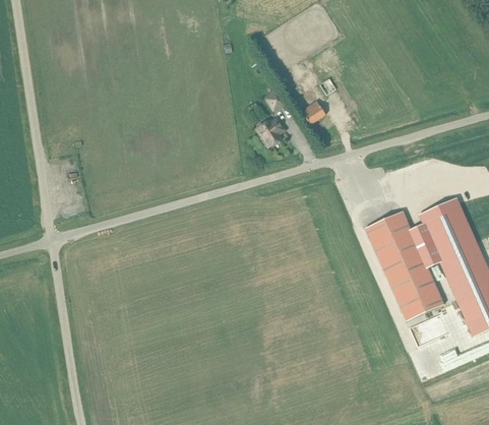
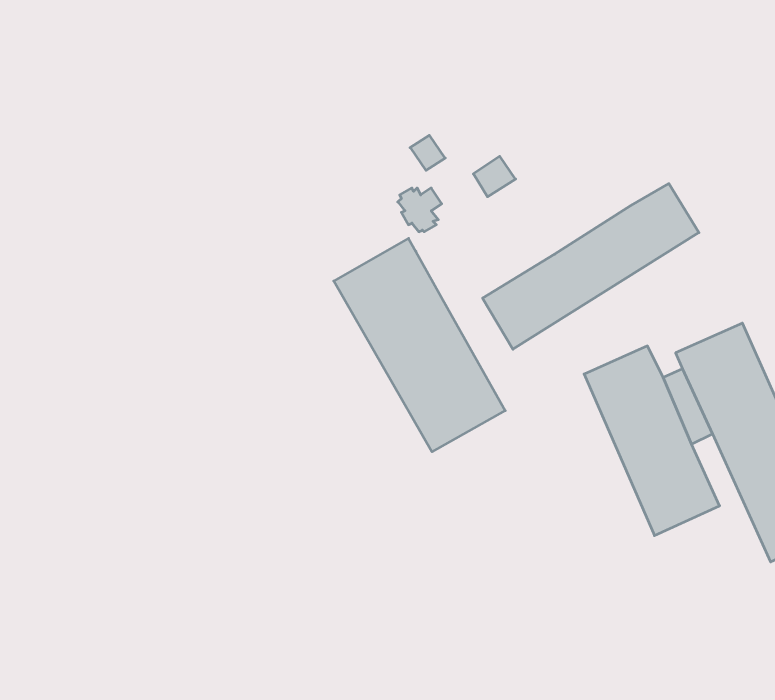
building: none -> [483,184,699,349]
building: none -> [334,238,505,452]

